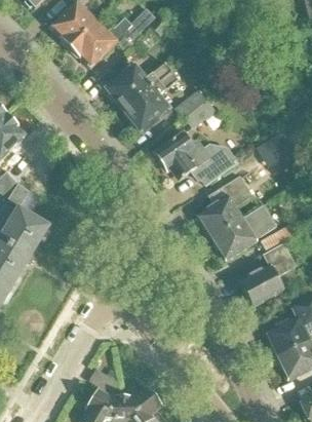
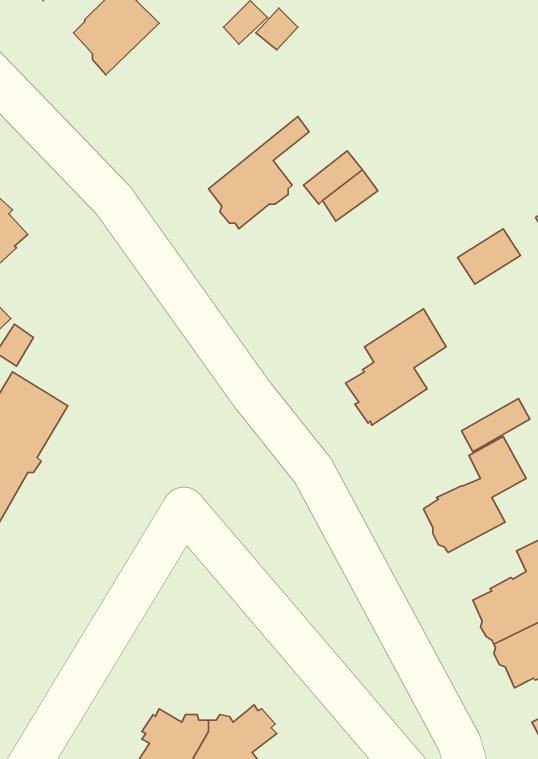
building: [68,18,128,65] -> none
building: [106,61,171,108] -> none
building: [152,129,238,183] -> none
building: [211,202,276,257] -> none

